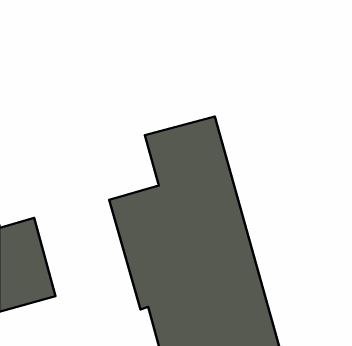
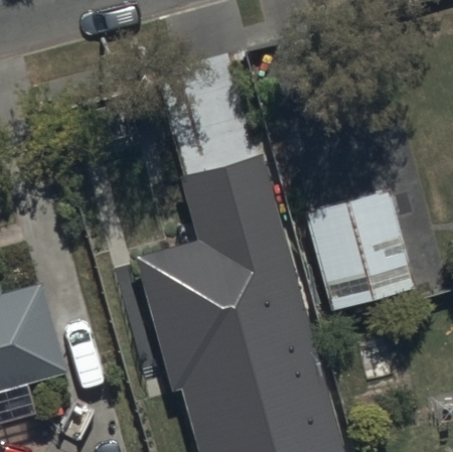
building: none -> [303,193,414,317]

